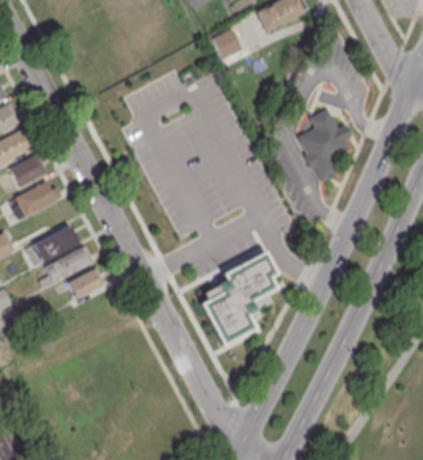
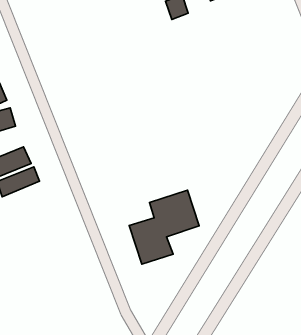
building: [300,109,352,182] -> none
building: [67,268,103,301] -> none

